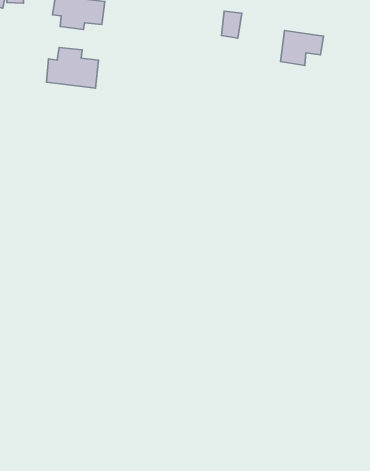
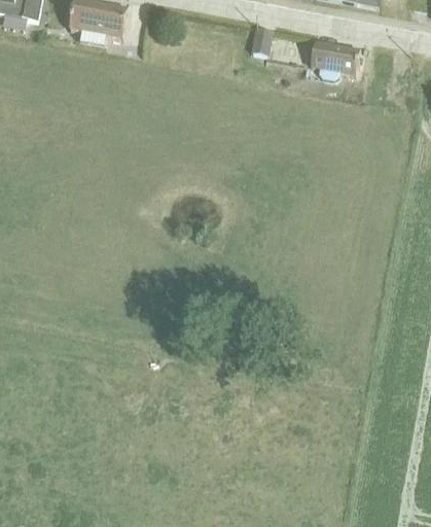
building: [47,47,99,88] -> none

